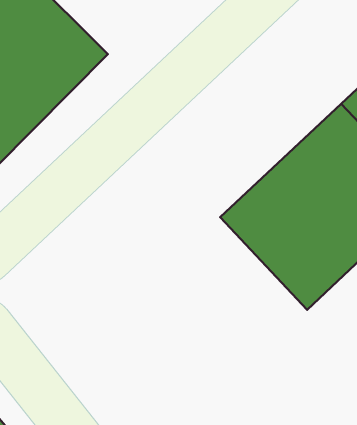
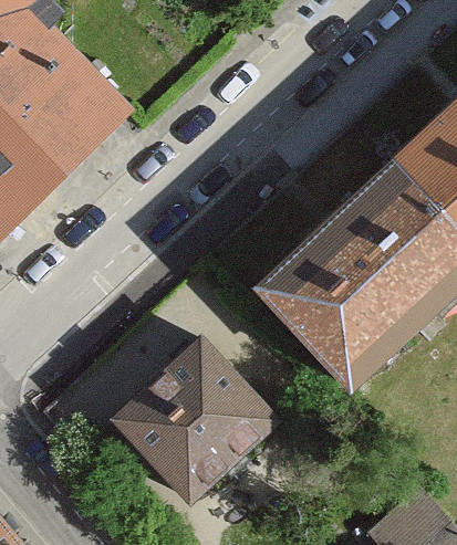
building: none -> [111,335,280,503]

